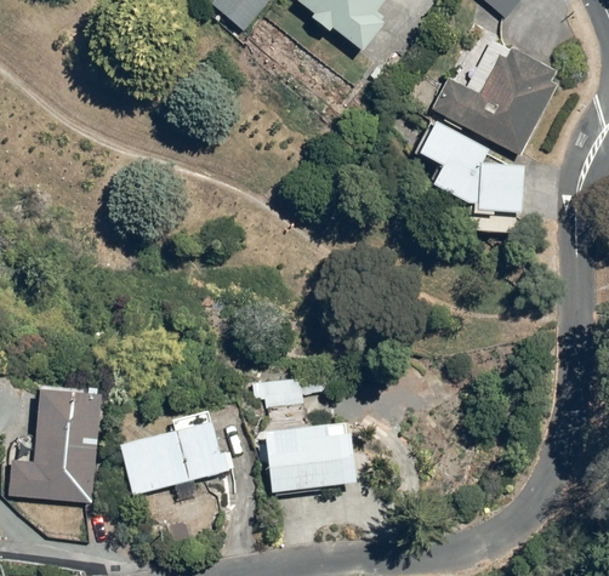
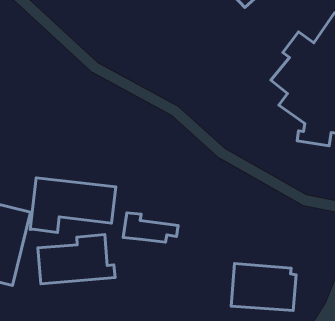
building: none -> [30,178,116,232]
building: [264,422,359,490] -> [231,264,296,311]

